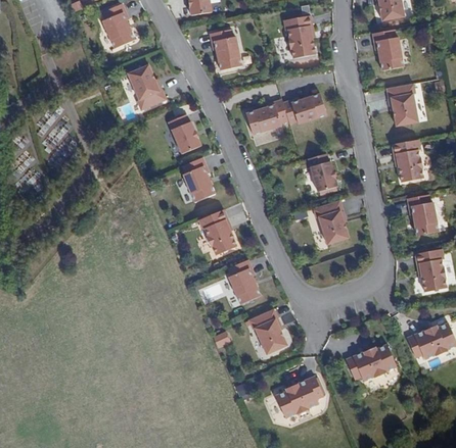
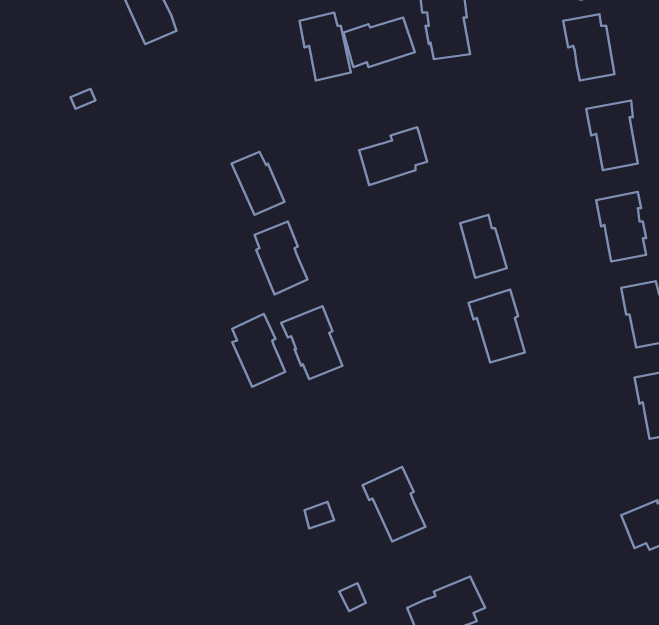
building: [128,64,166,110] -> none
building: [283,93,327,123] -> [344,17,415,67]
building: [228,259,261,304] -> [232,314,285,387]
building: [347,343,397,380] -> none

